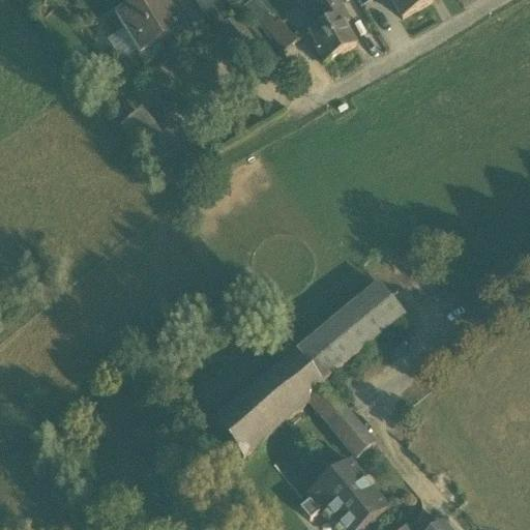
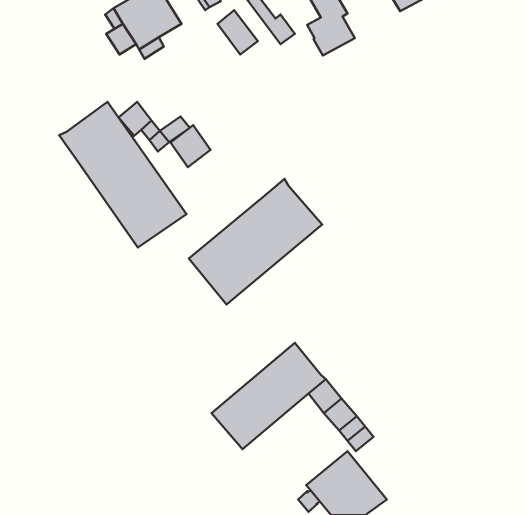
building: none -> [59,102,186,247]
building: none -> [170,125,211,167]
building: none -> [189,179,322,304]
building: [296,277,404,377] -> none

